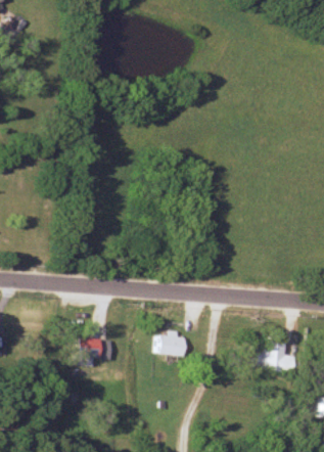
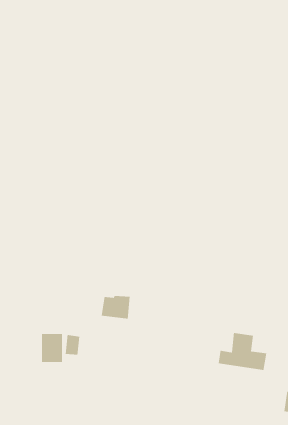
building: [157,331,187,355] -> [101,295,131,319]

